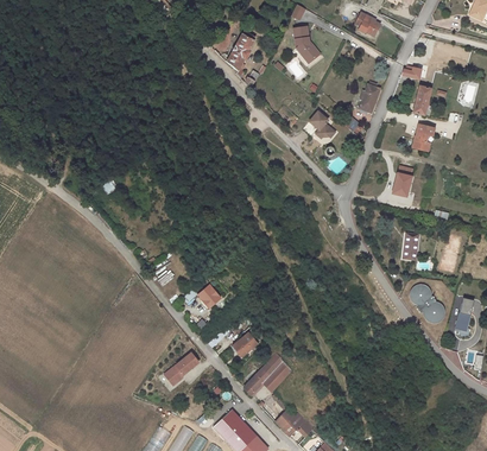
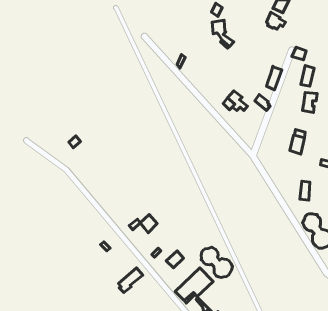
building: [226,33,253,82] -> none
building: none -> [201,247,232,277]

